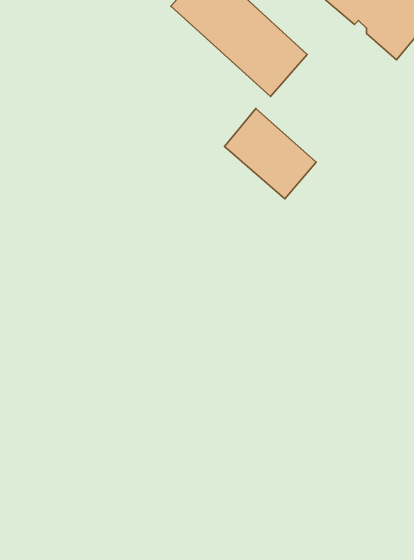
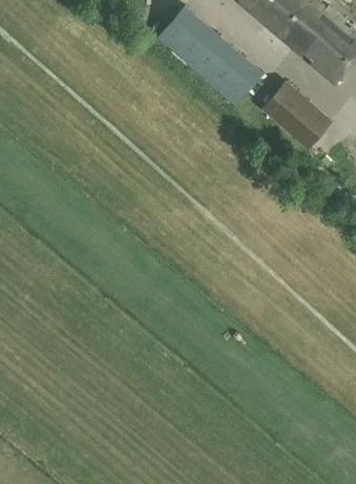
building: [224,108,316,199] -> [261,80,333,151]

